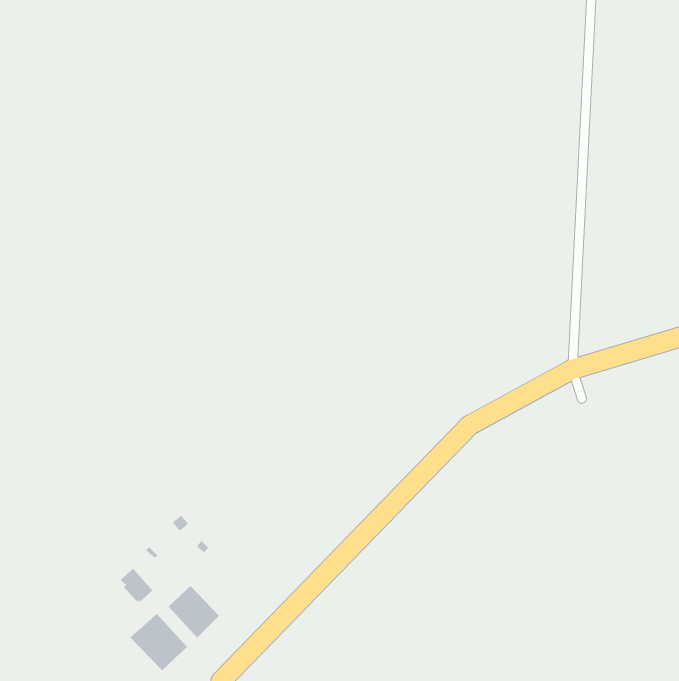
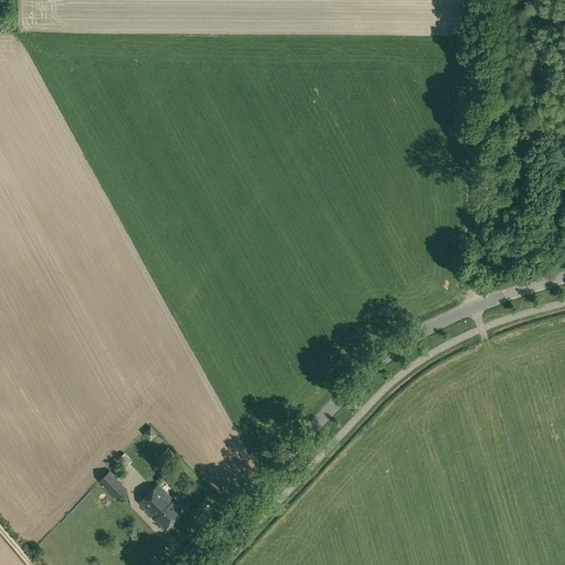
building: [130,613,188,671] -> none

